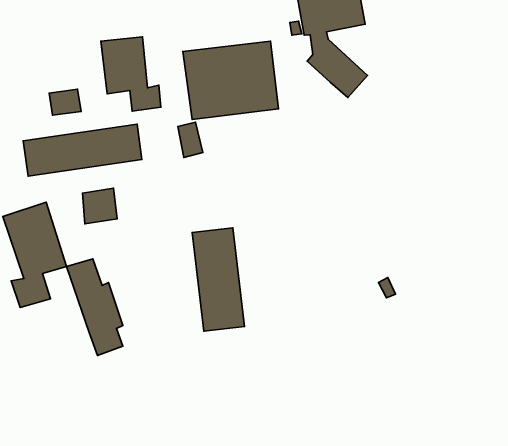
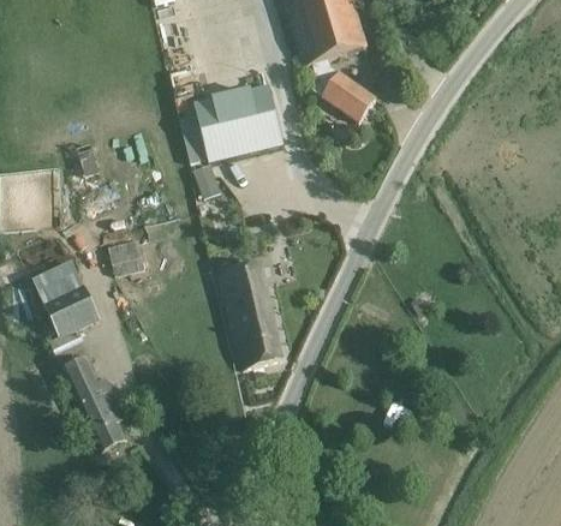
building: [101,37,161,111] -> none
building: [23,124,142,176] -> none
building: [66,259,123,355] -> [61,358,126,453]

